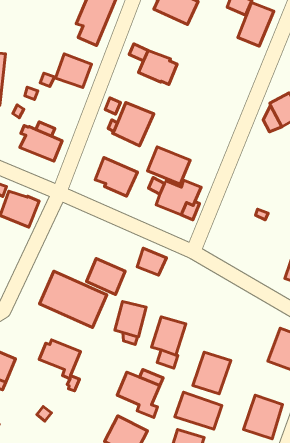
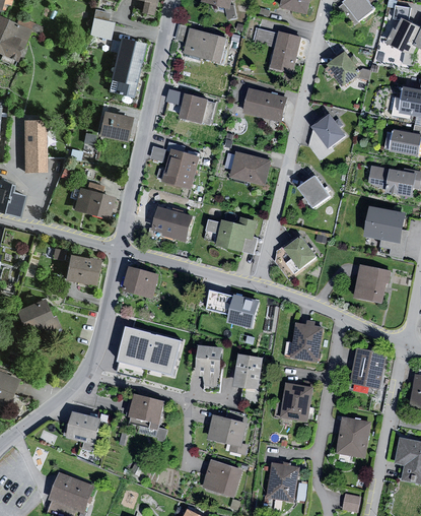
building: none -> [243,87,286,121]
building: [147,147,190,184] -> [230,151,271,185]
building: none -> [298,175,330,208]
building: none -> [275,233,318,279]
building: none -> [227,294,261,329]
building: [87,258,125,294] -> [123,265,159,298]
building: none -> [290,320,324,362]
building: [175,392,222,429] -> none

